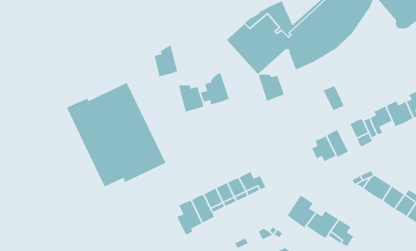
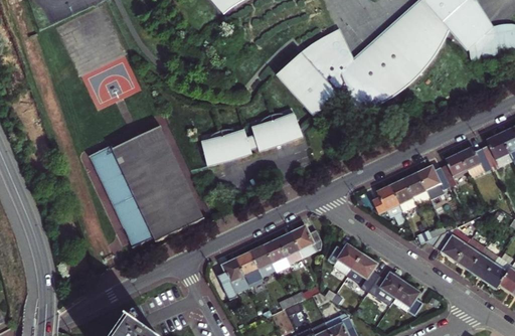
building: [154,45,178,77] -> [200,128,228,165]
building: [258,74,285,102] -> [270,112,301,144]
building: [323,85,344,111] -> [403,172,428,202]
building: none -> [327,243,361,275]

